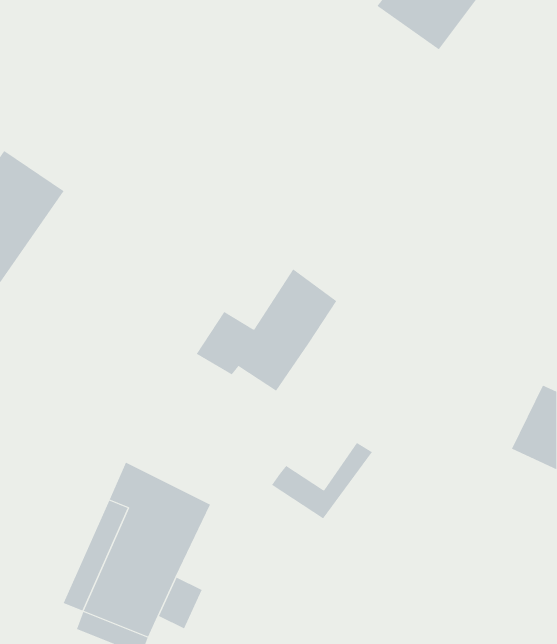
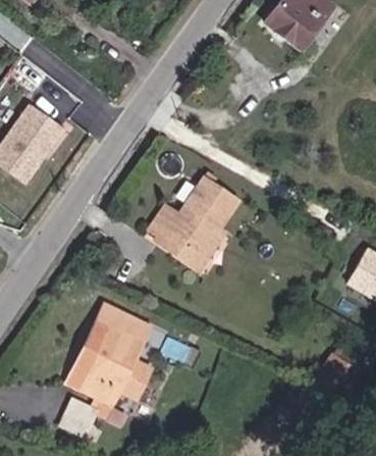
building: [271,442,373,519] -> [166,224,229,272]

